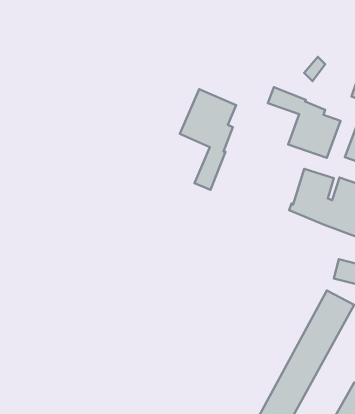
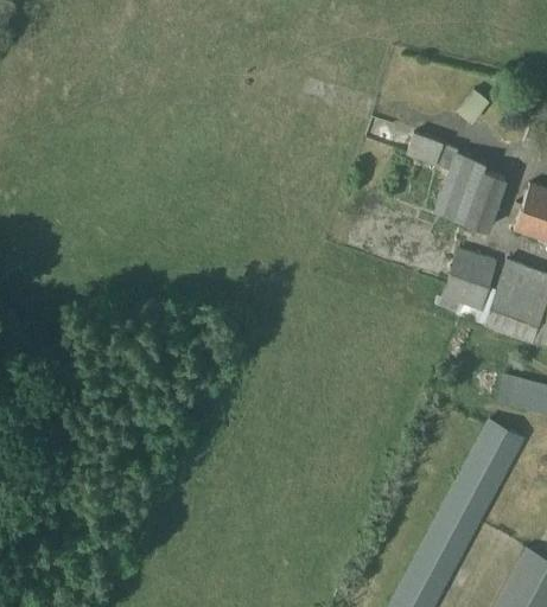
building: [180,89,236,190] -> none

